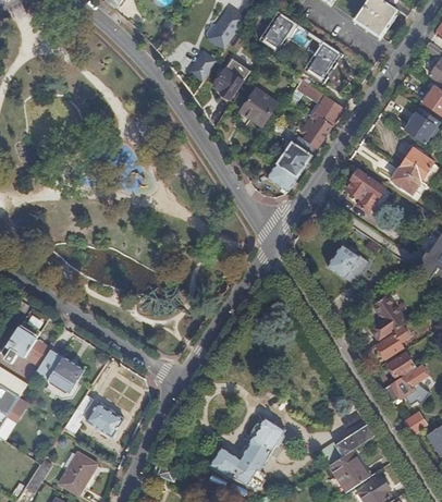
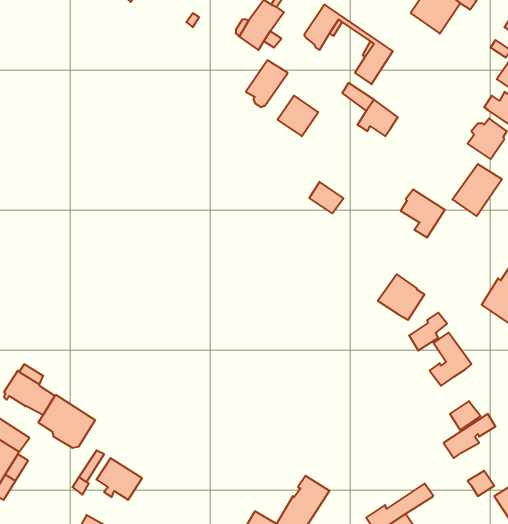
building: [188,51,217,82] -> none
building: [300,115,333,147] -> none
building: [277,140,312,177] -> none
building: [377,325,409,357] -> [409,313,447,351]

